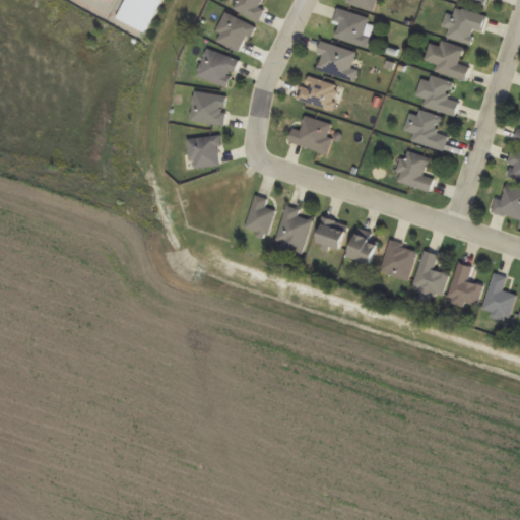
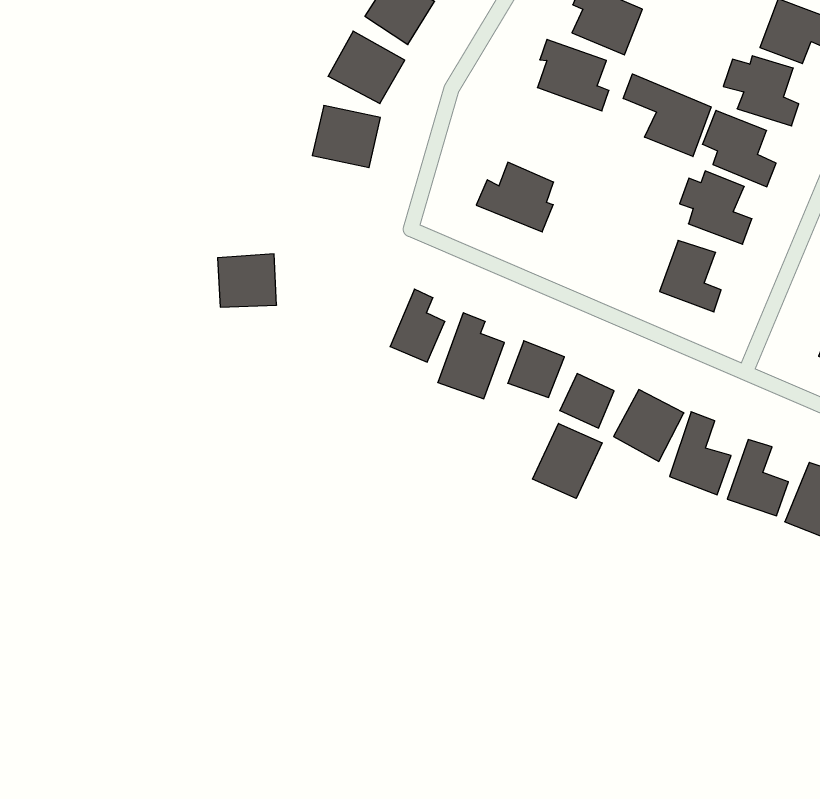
building: none -> [623,74,711,157]
building: [297,76,337,109] -> none
building: [185,134,221,168] -> [218,254,277,307]
building: none -> [533,423,602,498]

